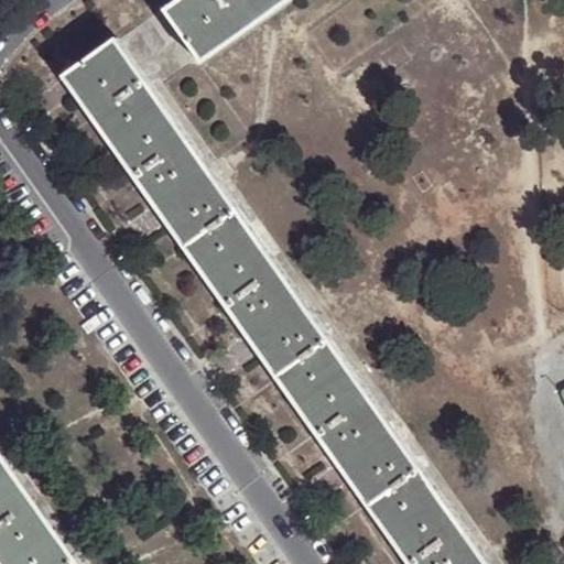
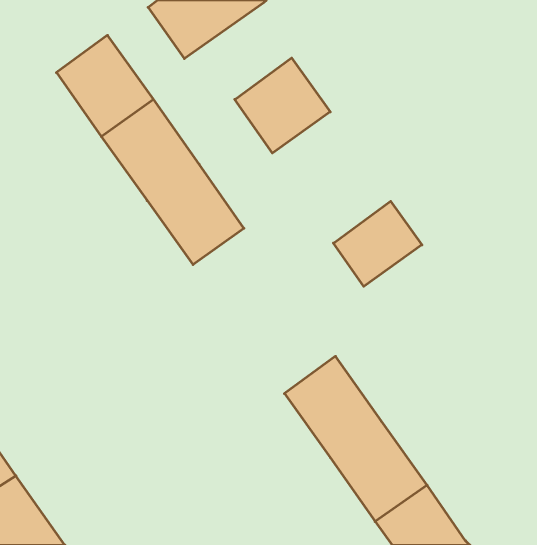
building: none -> [235,58,330,153]
building: none -> [333,201,422,286]
building: [199,236,347,406] -> none

